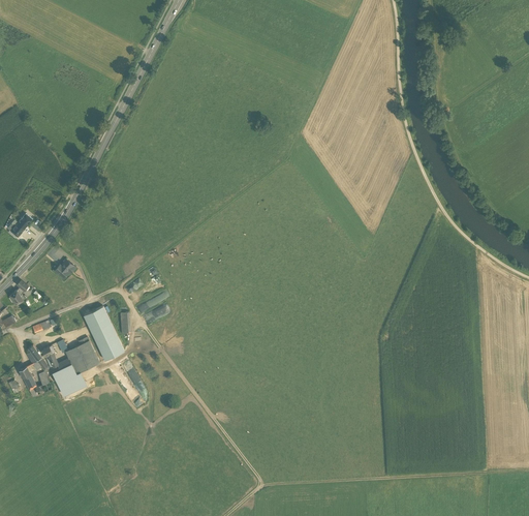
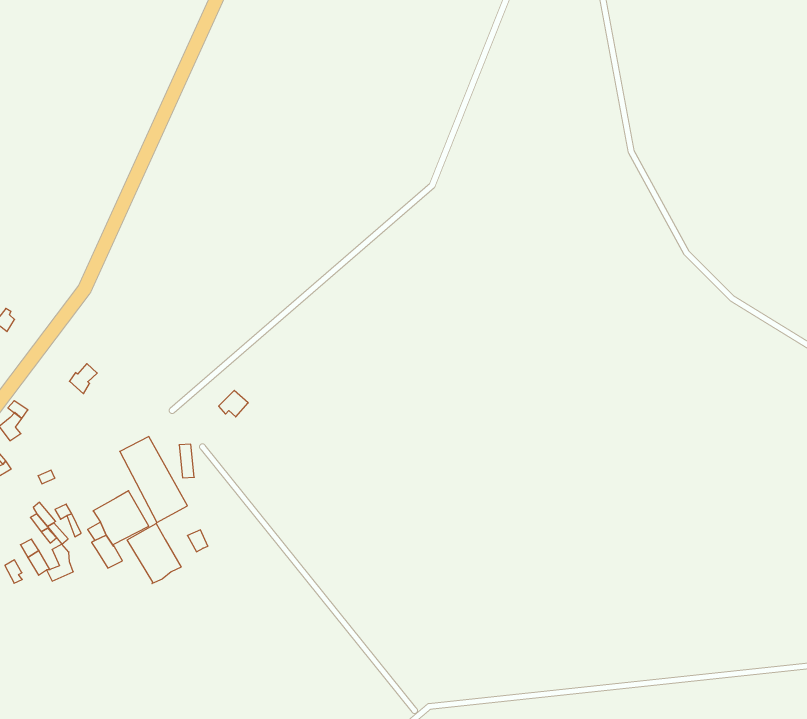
building: none -> [127,523,181,584]

